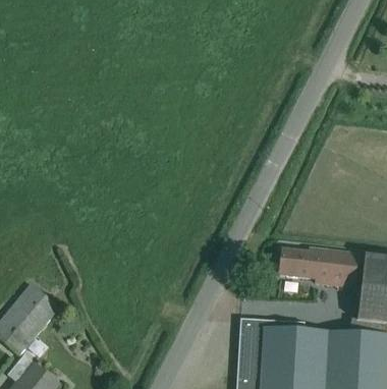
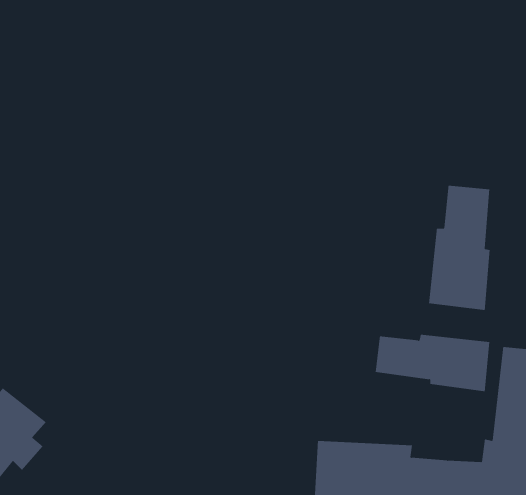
building: none -> [428,185,490,311]

